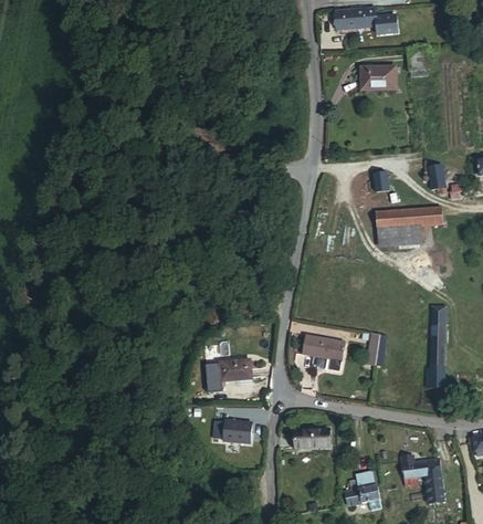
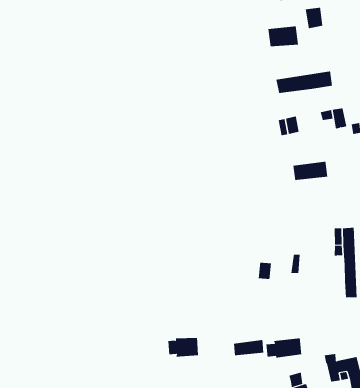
building: [376,207,442,229] -> [276,71,333,94]
building: [303,335,332,358] -> none
building: [204,359,251,392] -> none
building: none -> [266,338,302,358]

